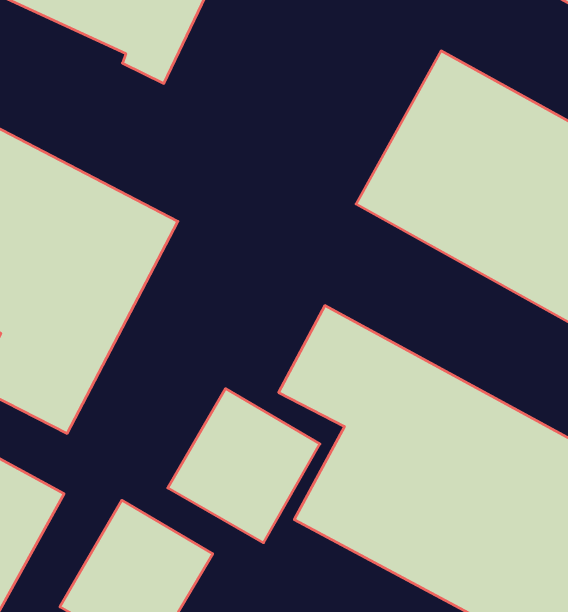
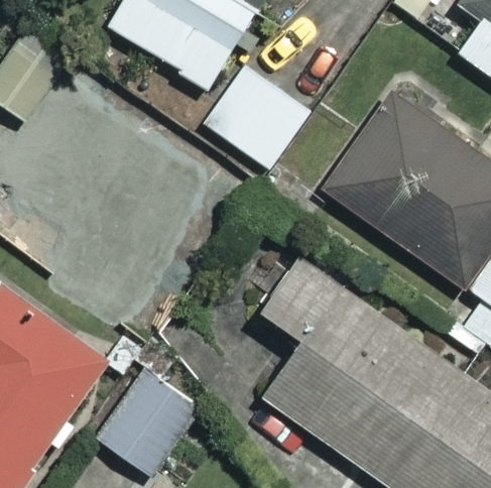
building: none -> [204,66,310,168]
building: [168,389,320,543] -> none

